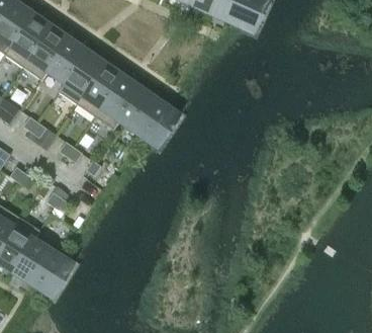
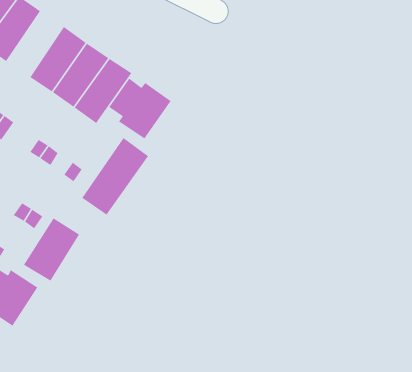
building: [41,40,87,93] -> none
building: none -> [81,137,149,216]
building: none -> [23,217,80,282]

